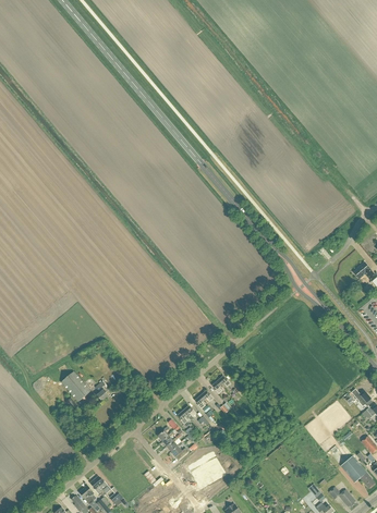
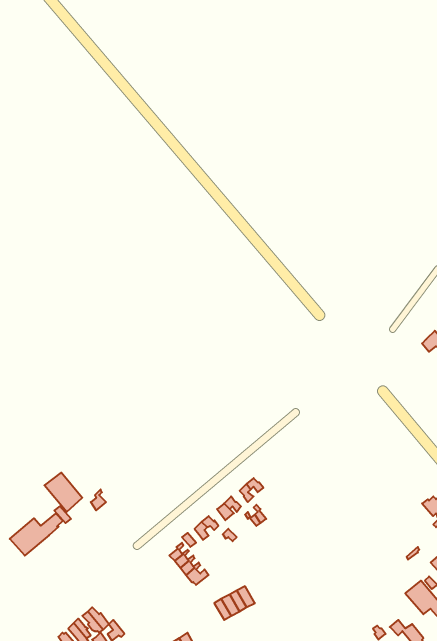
building: none -> [10,514,63,556]

